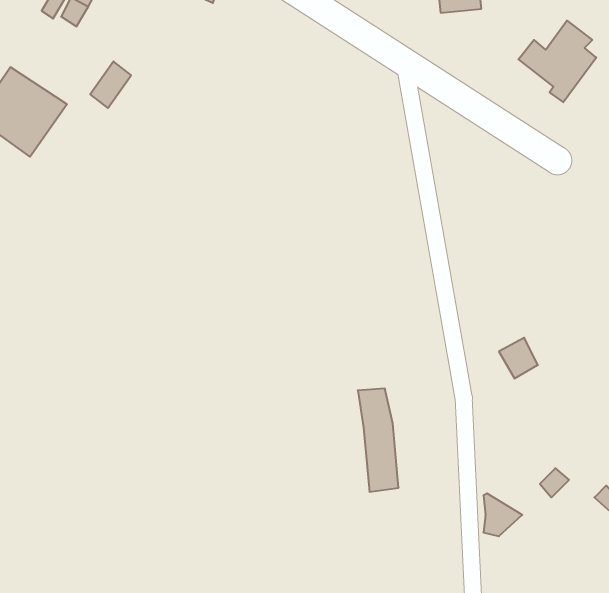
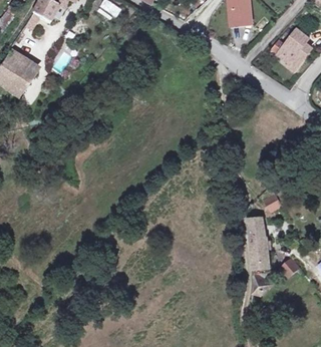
building: [358,389,399,492] -> [247,217,268,270]

